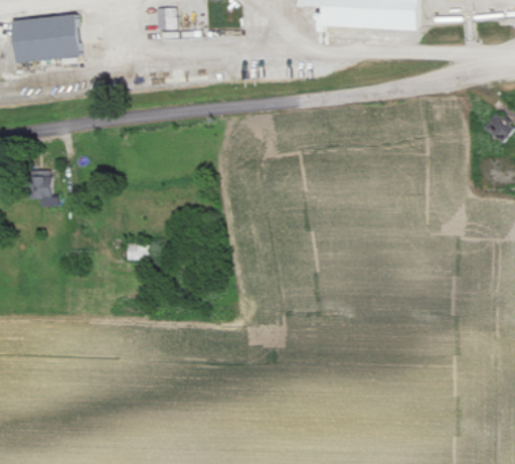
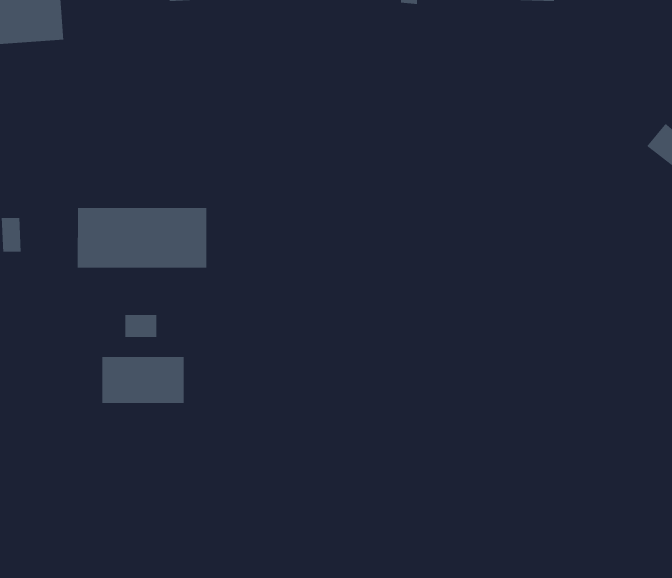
building: none -> [77,207,207,269]
building: none -> [101,356,185,404]

